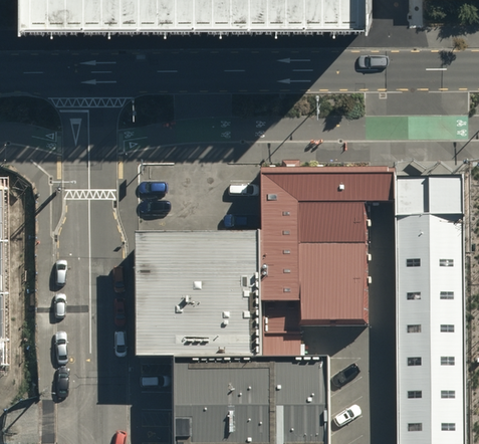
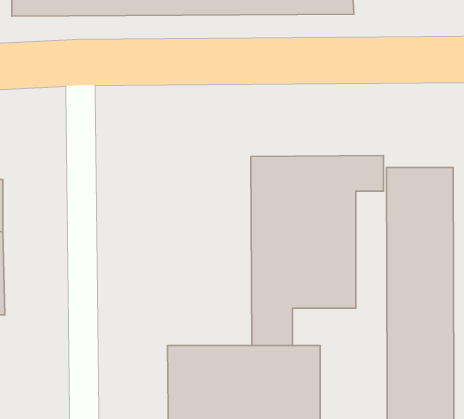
building: [135,235,258,359] -> none

